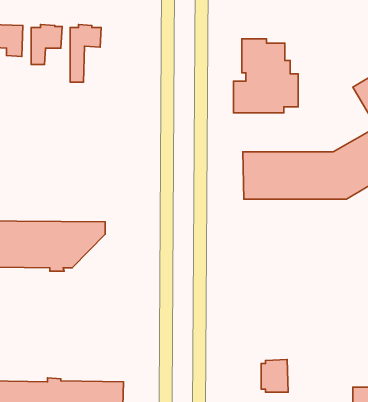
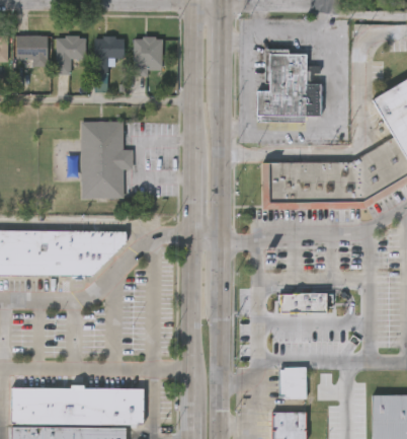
building: none -> [132,36,161,77]
building: none -> [80,120,132,196]
building: none -> [280,293,327,313]

